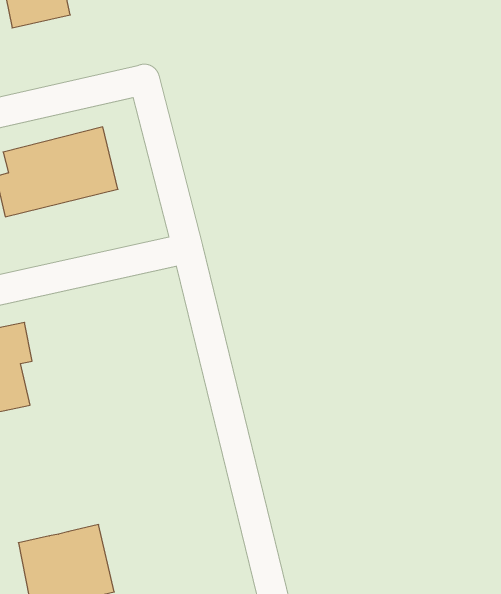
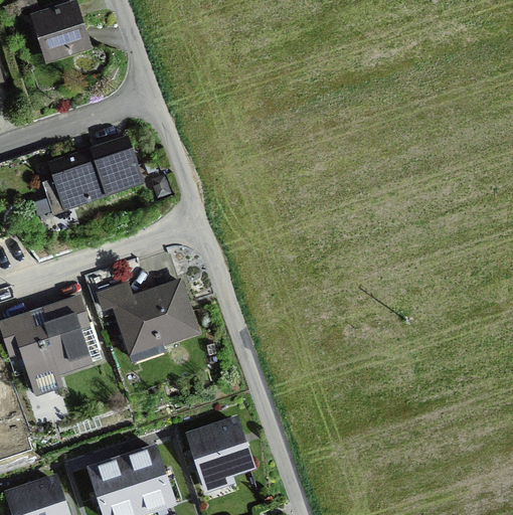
building: none -> [98,282,195,359]
building: none -> [192,424,250,482]

